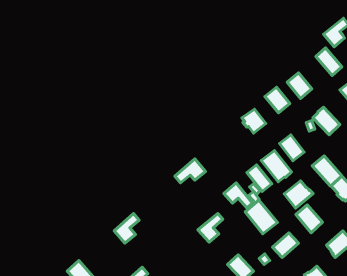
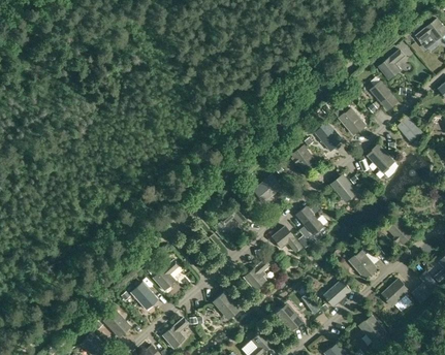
building: none -> [252,175,282,204]
building: [261,151,292,182] -> none
building: [312,156,342,186] -> none
building: [284,181,313,208] -> none
building: [245,200,278,234] -> none
building: none -> [130,282,158,311]
building: none -> [212,291,240,320]

